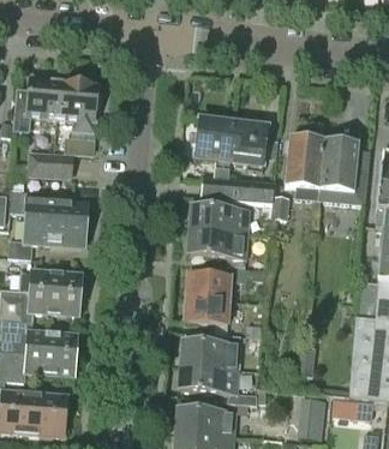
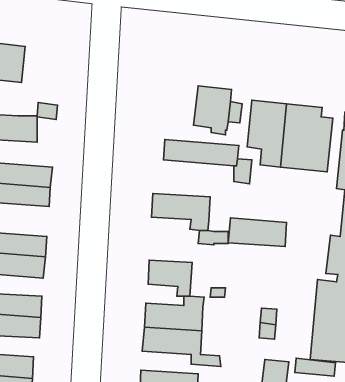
building: [58,82,100,130] -> none
building: [193,116,235,173] -> none
building: [190,204,249,233] -> [228,218,286,246]
building: [186,271,231,299] -> none

